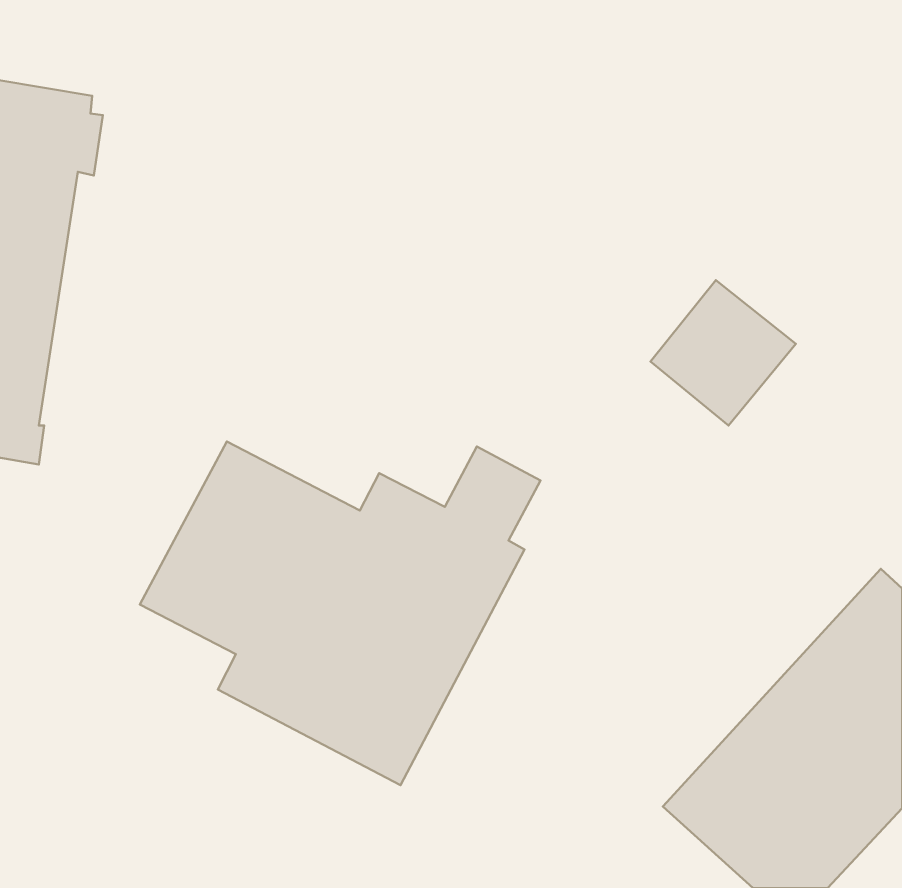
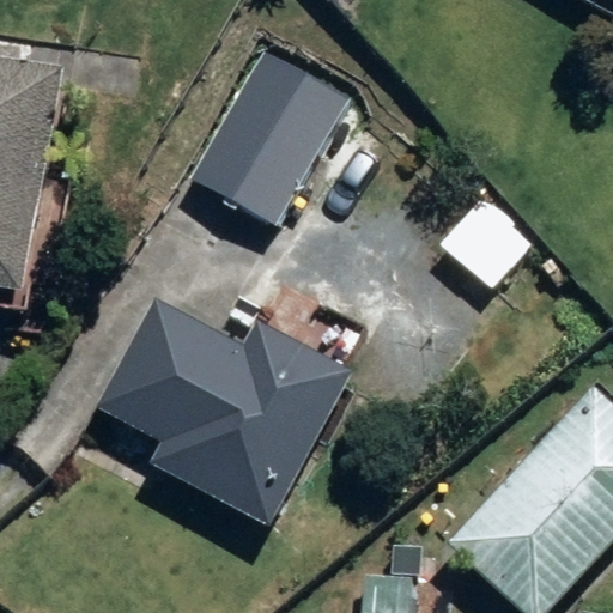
building: none -> [188,43,351,226]

